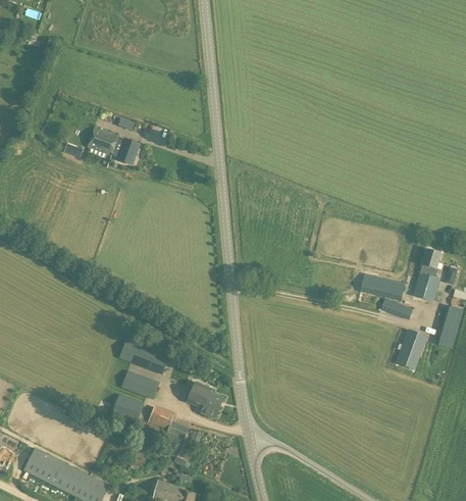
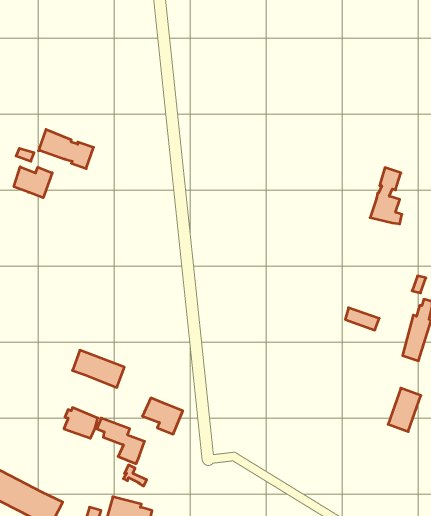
building: none -> [14,167,52,198]
building: [411,247,442,301] -> [370,168,402,224]
building: [359,271,405,300] -> none
building: [395,328,426,369] -> [388,388,421,432]
building: [120,369,158,399] -> none

